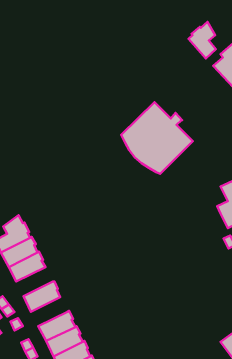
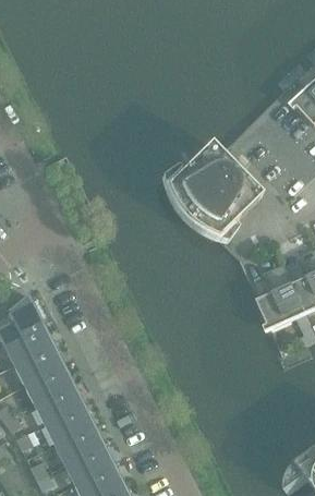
building: [188,22,216,58] -> none
building: none -> [257,264,307,329]
building: none -> [24,364,73,404]
building: none -> [44,404,93,445]

